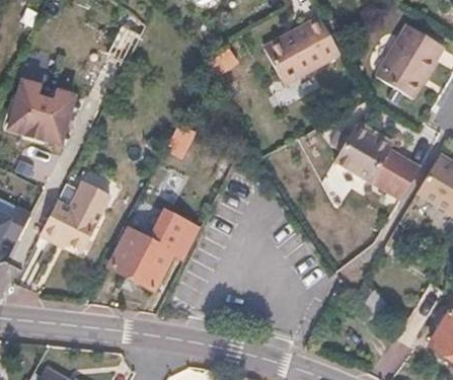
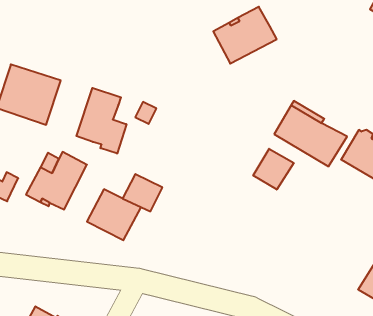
building: [375,25,443,99] -> none
building: none -> [76,88,126,154]
building: none -> [253,149,294,190]

